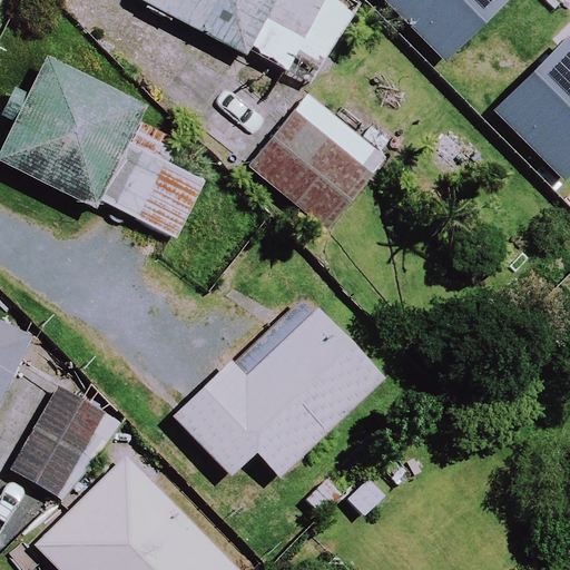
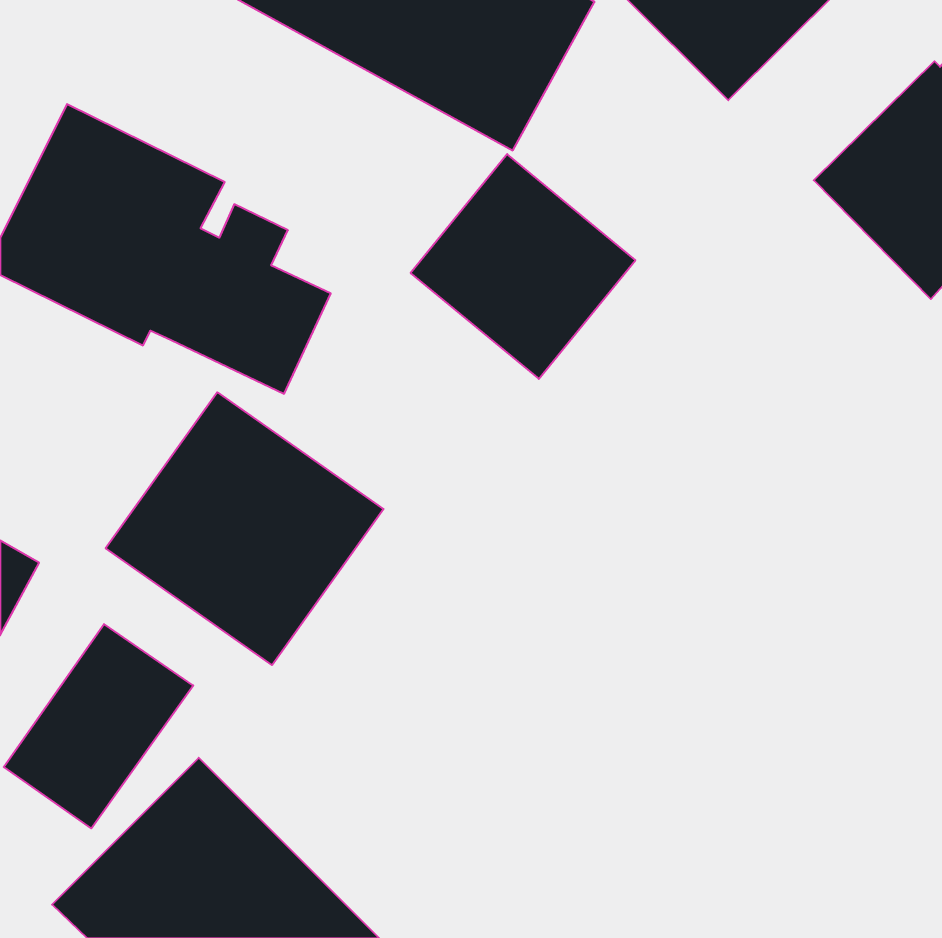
building: none -> [106,392,384,665]
building: [173,309,381,475] -> none

